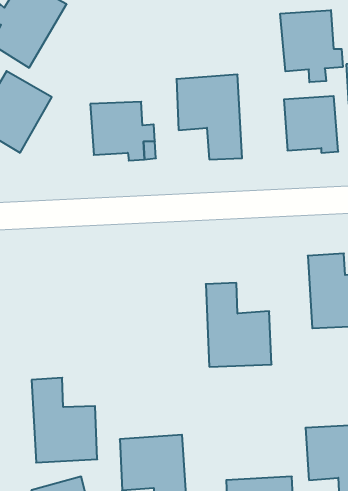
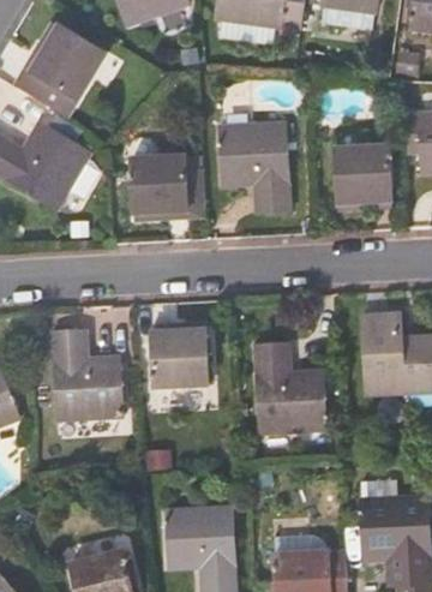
building: [280,10,343,82] -> none
building: none -> [149,327,205,387]
building: [32,378,97,463] -> [52,333,121,423]

